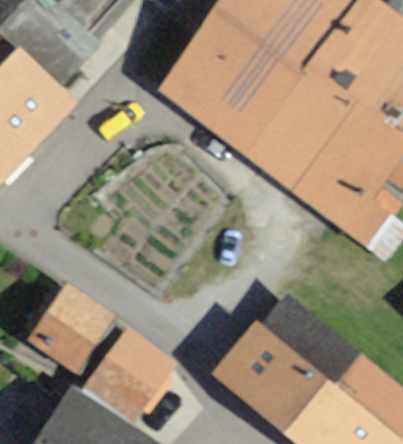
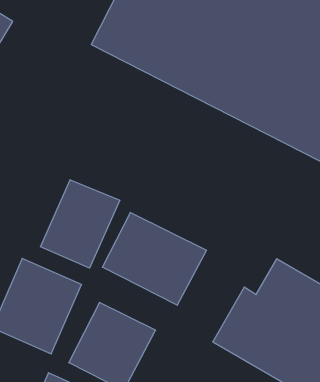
building: none -> [41,180,120,268]
building: none -> [102,212,206,305]

